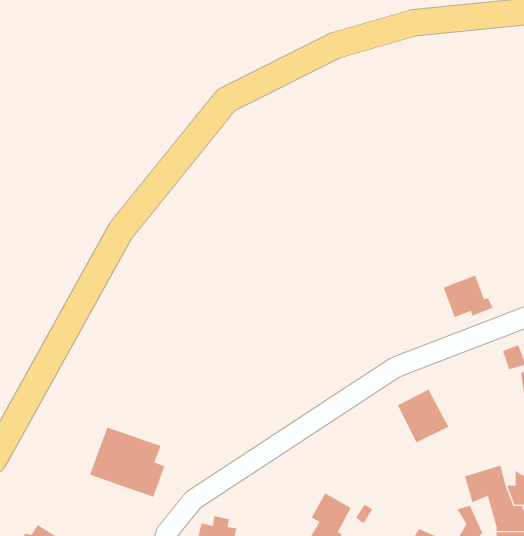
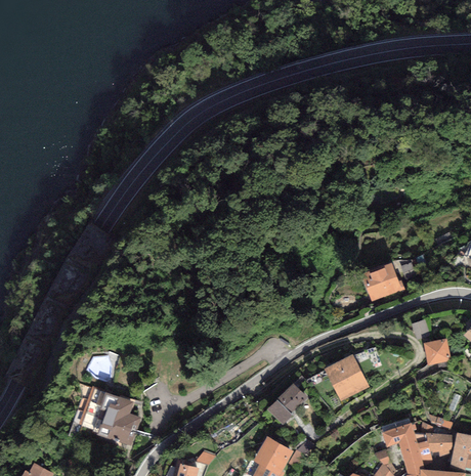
building: none -> [269,384,307,424]

